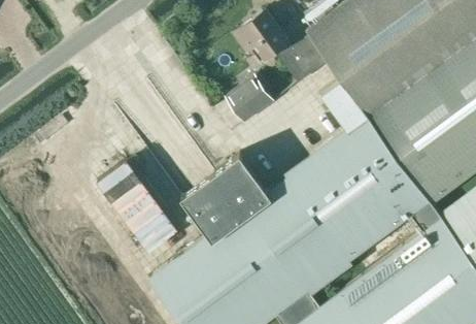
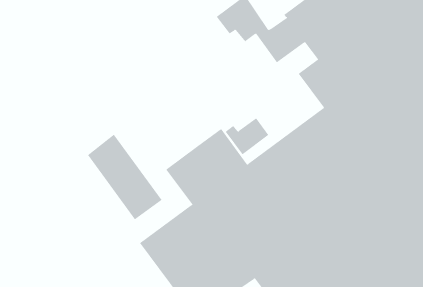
building: [226,83,273,123] -> [225,117,269,155]

